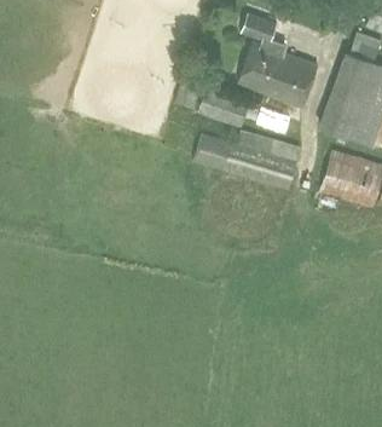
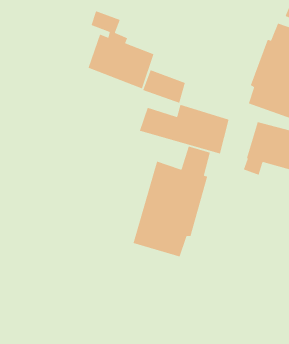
building: [238,13,318,108] -> [87,10,155,90]
building: none -> [133,145,211,257]

